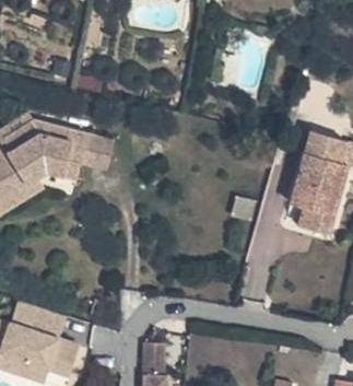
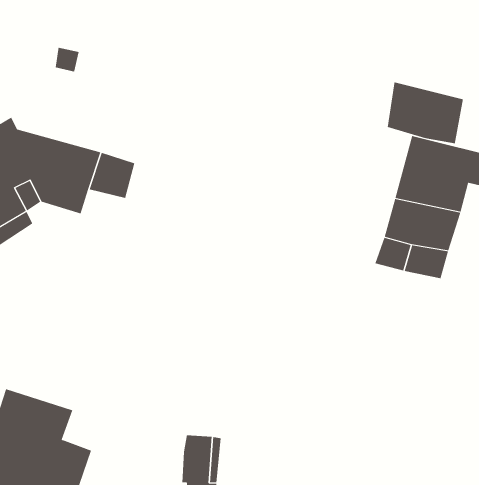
building: none -> [387,81,464,144]

